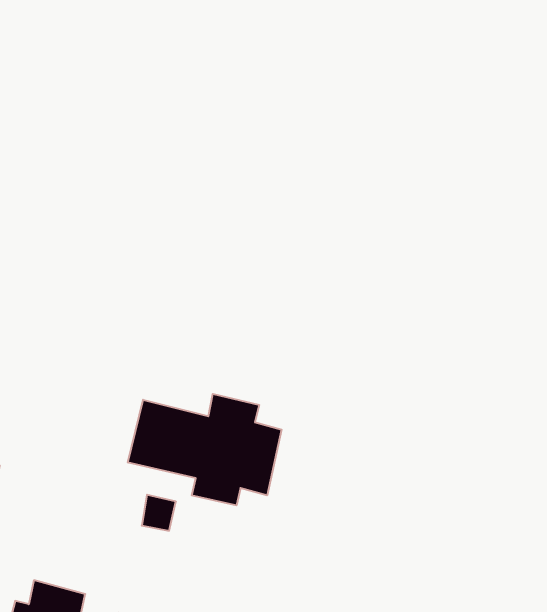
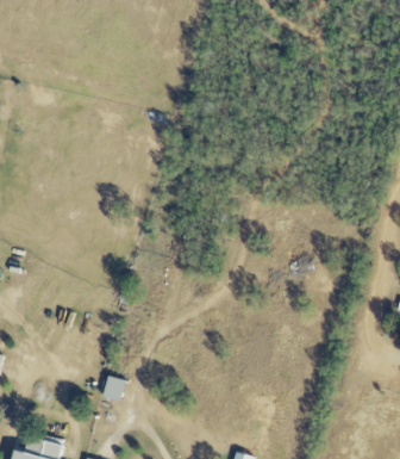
building: [128,394,282,505] -> none

